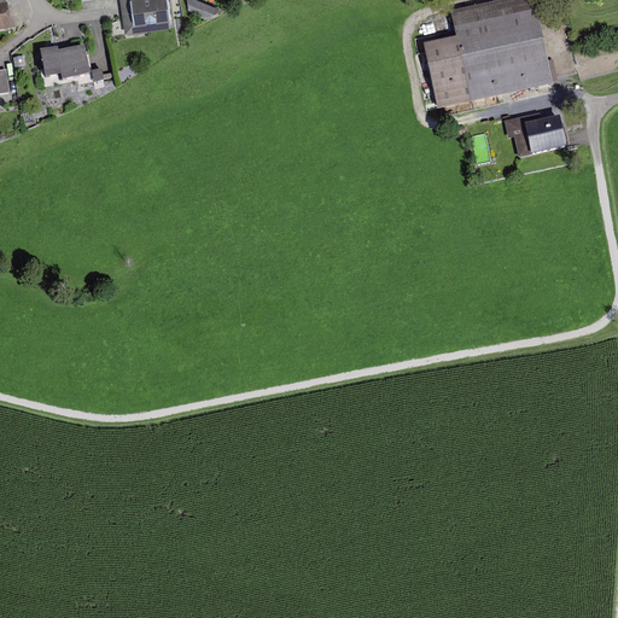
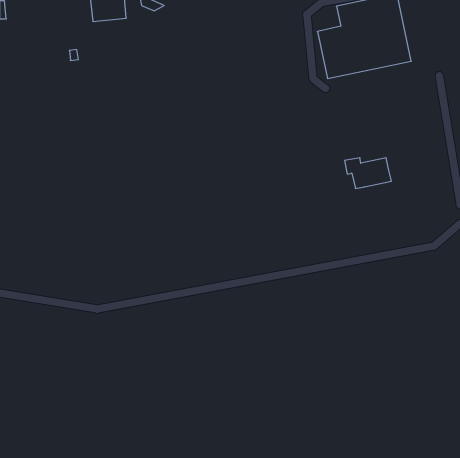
building: [42,45,89,78] -> none
building: [503,115,566,156] -> [345,158,391,188]

